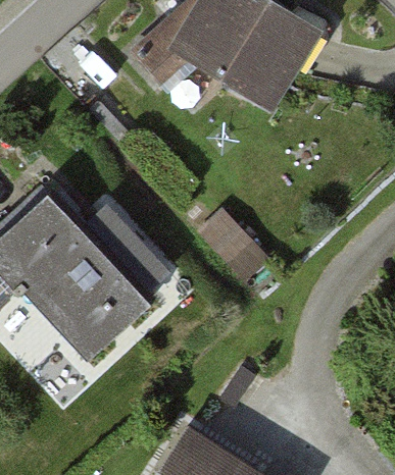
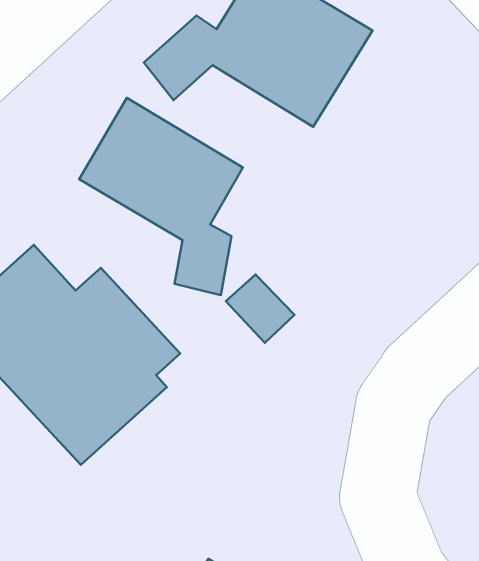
building: none -> [79,98,243,295]

